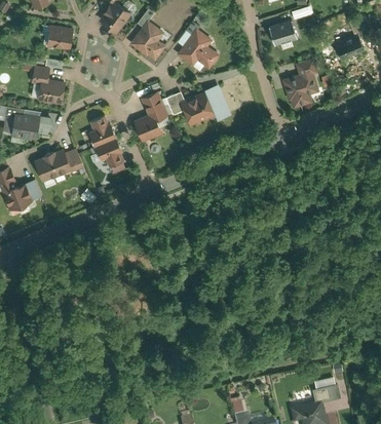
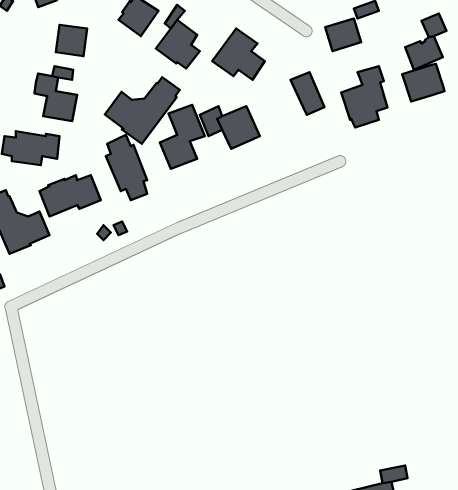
building: none -> [402,64,445,101]
building: none -> [105,77,180,144]
building: [204,86,232,121] -> [291,72,324,115]

